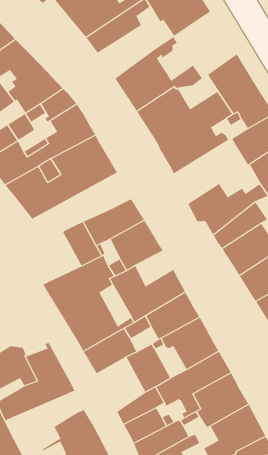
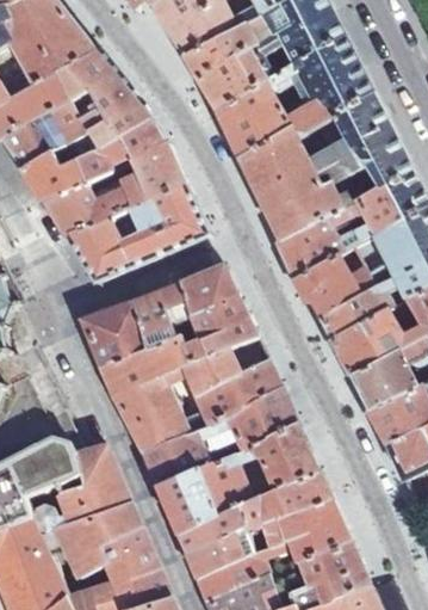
building: none -> [293,38,372,122]
building: none -> [194,37,278,112]
building: none -> [275,202,372,279]
building: none -> [79,301,150,365]
building: none -> [157,467,217,535]
building: none -> [37,504,138,574]

